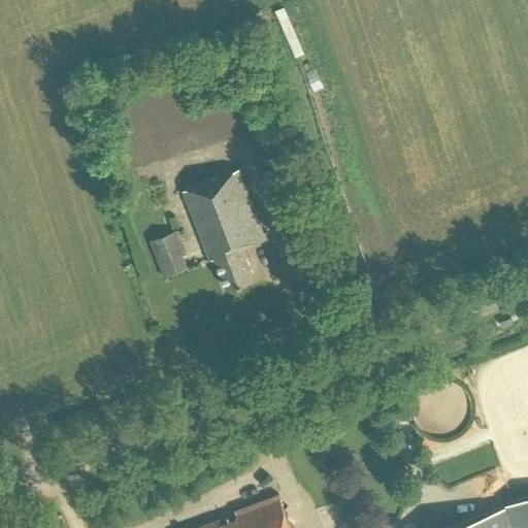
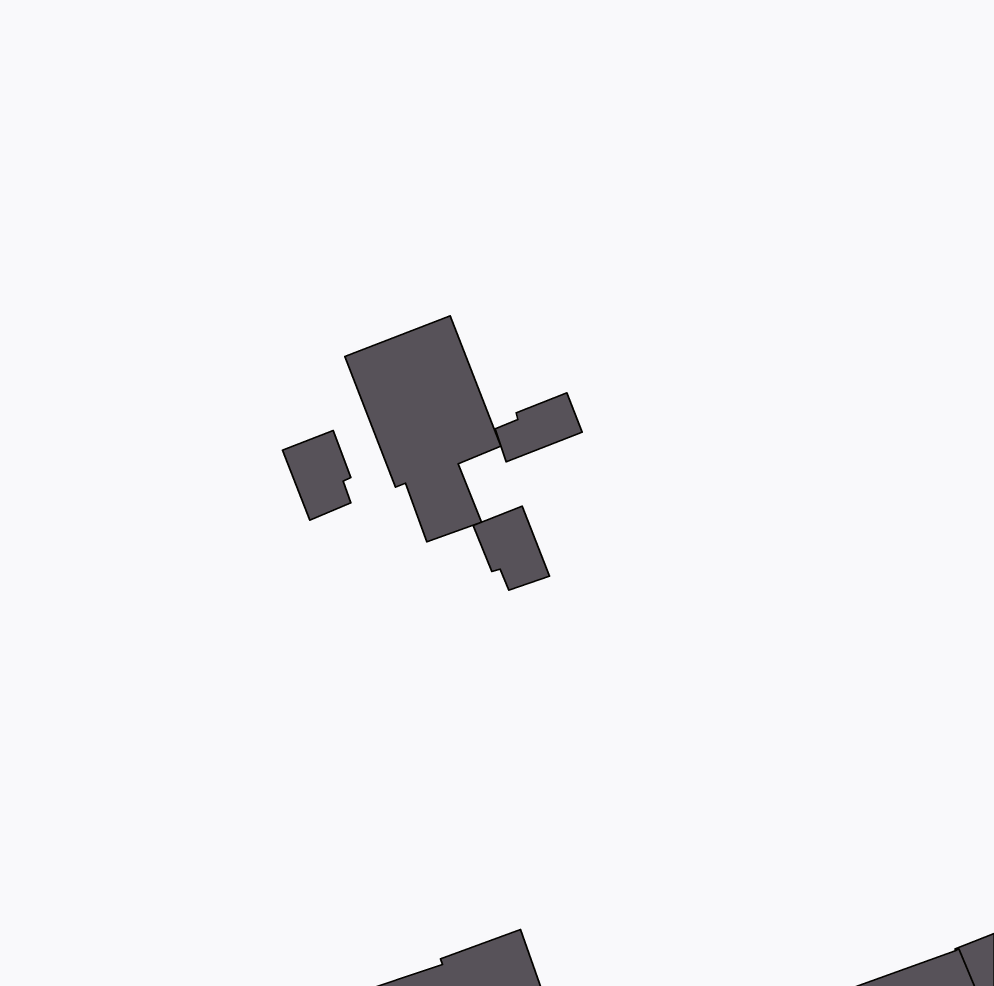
building: none -> [495,393,582,462]
building: none -> [473,506,549,590]

